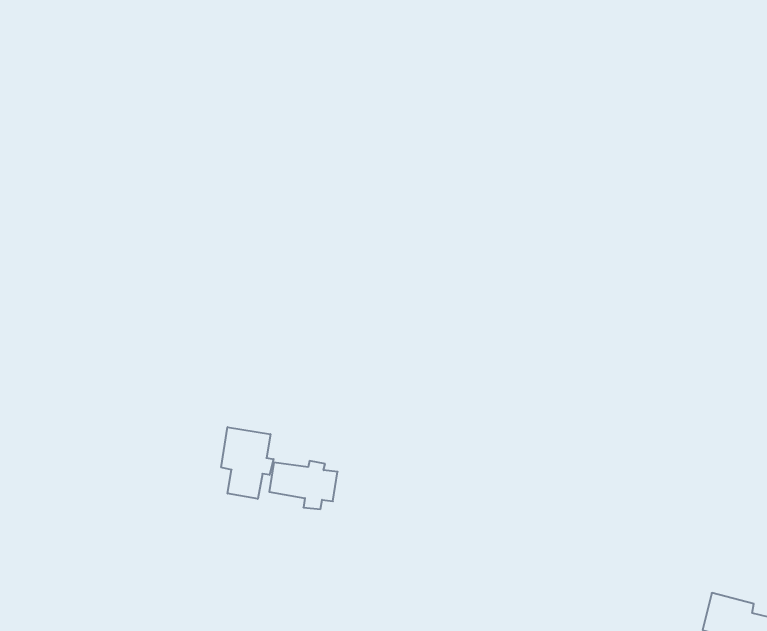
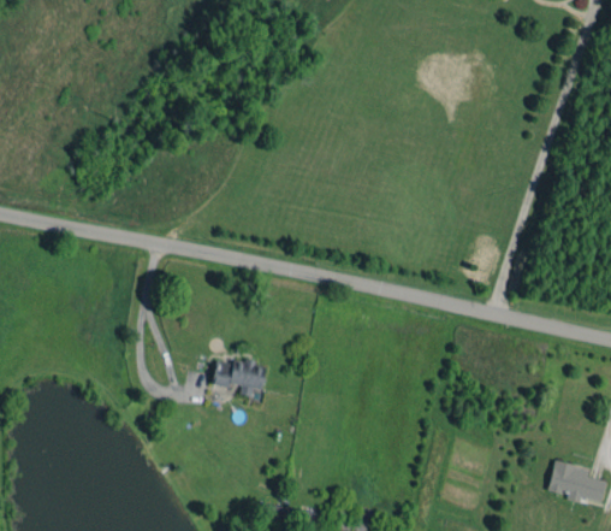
building: [221,427,274,499] -> none

